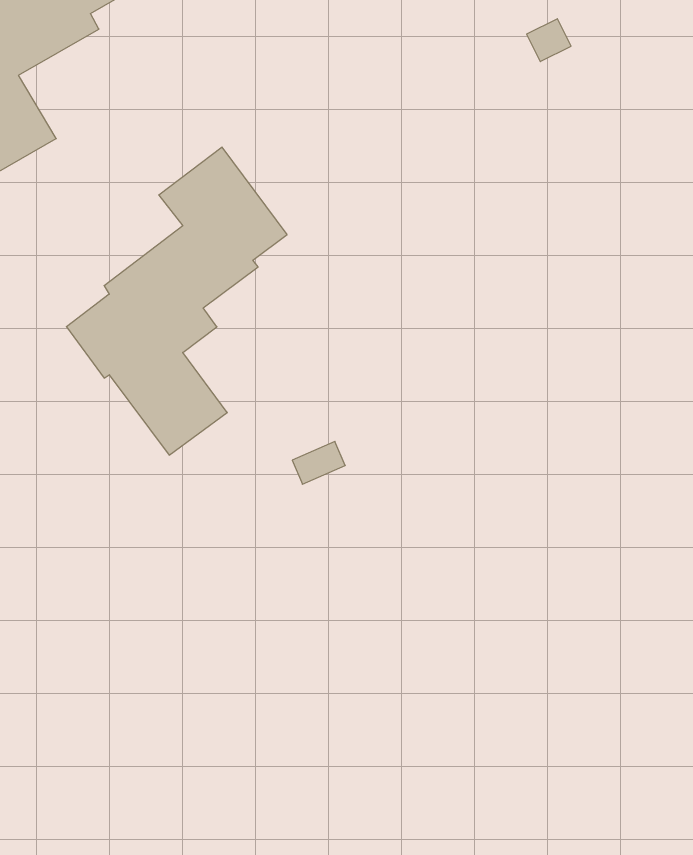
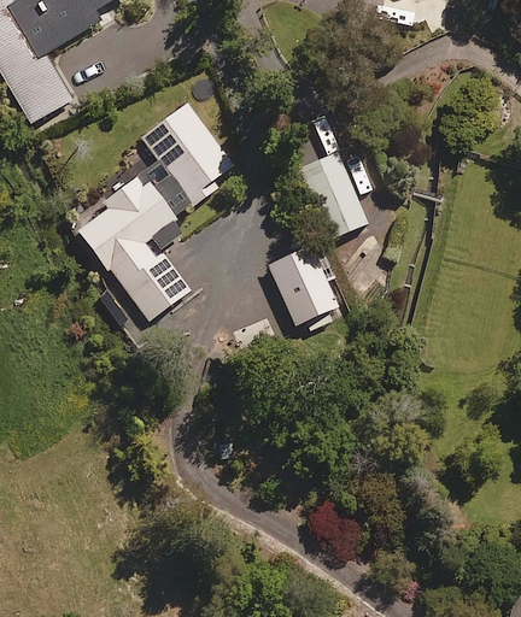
building: none -> [300,149,367,239]
building: none -> [270,247,338,325]

